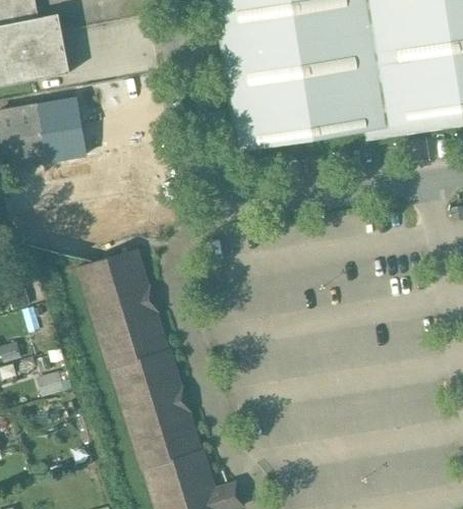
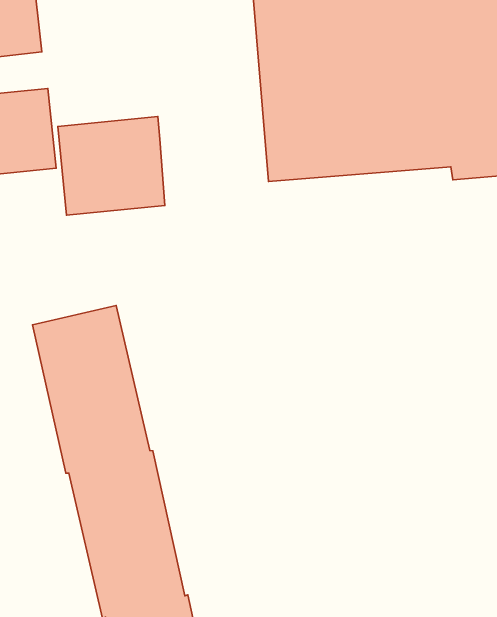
building: none -> [58,117,165,215]

